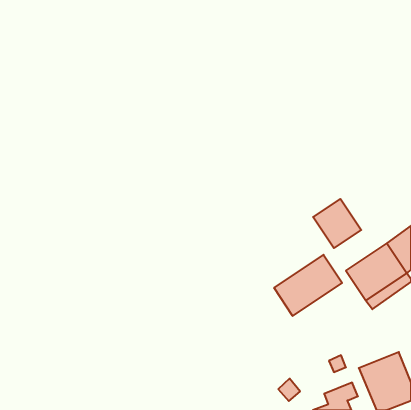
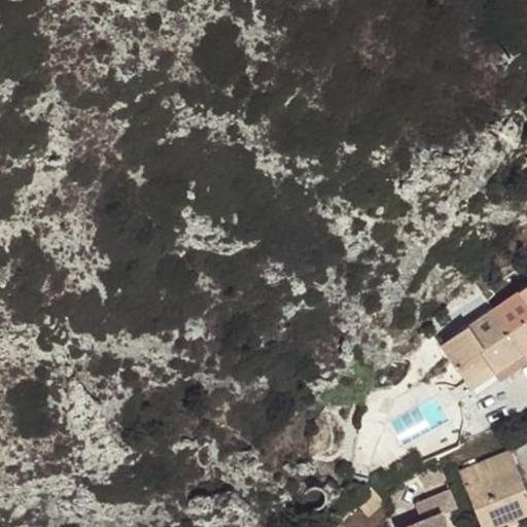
building: [313,199,361,248] -> none
building: [274,255,342,316] -> none

